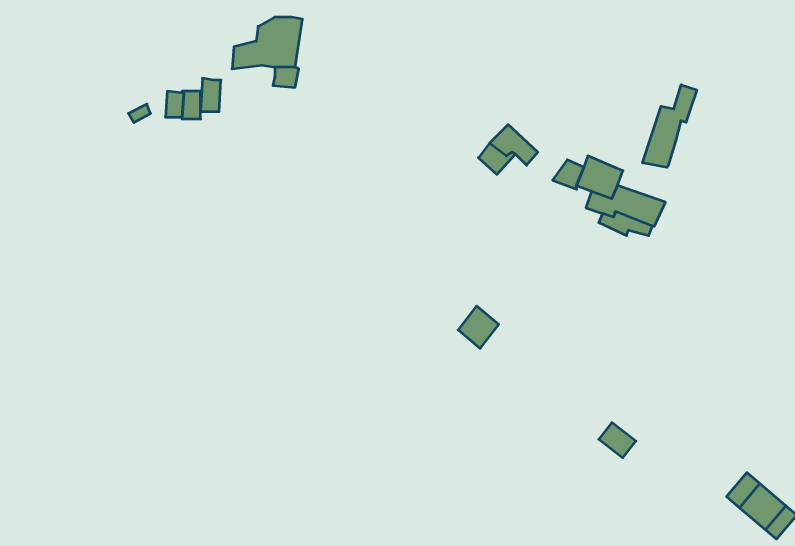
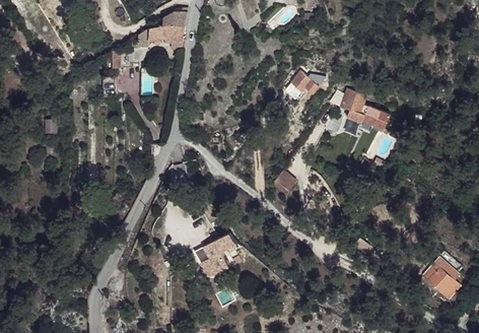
building: [643,85,697,167] -> none
building: none -> [204,234,237,274]

